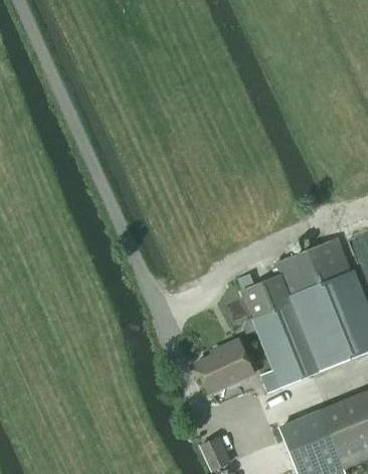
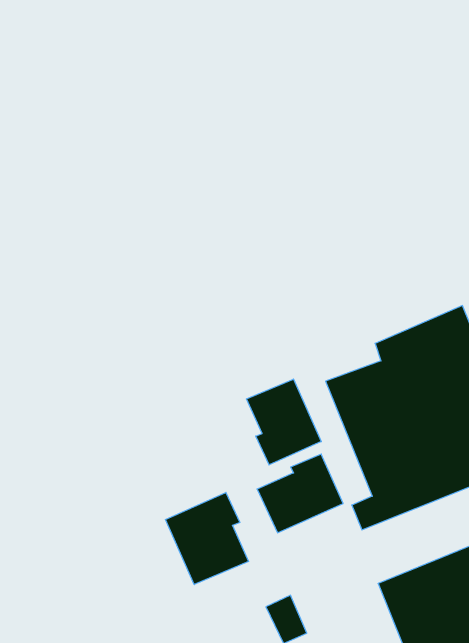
building: none -> [247,379,321,465]
building: none -> [165,492,249,585]

